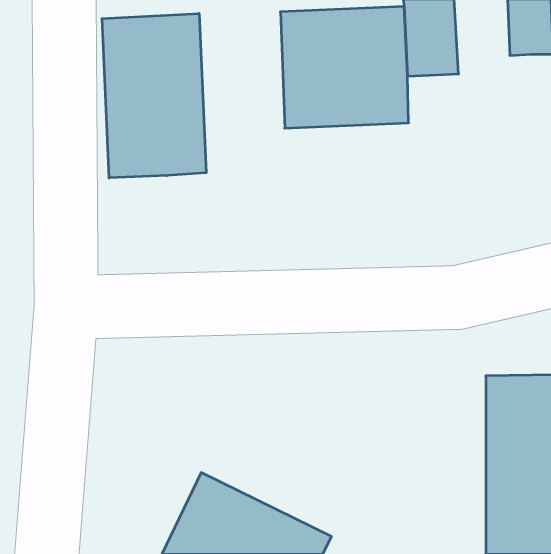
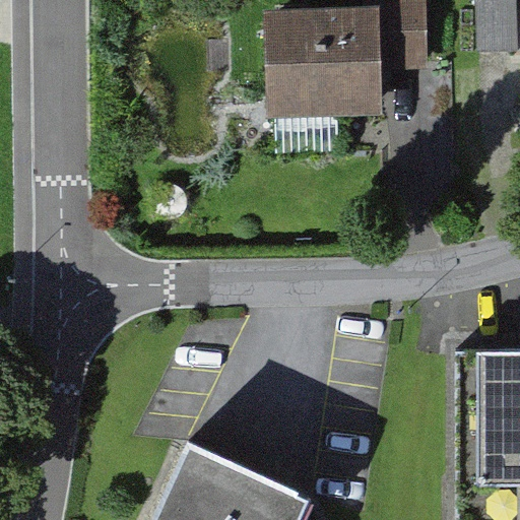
building: [102,13,206,178] -> none

